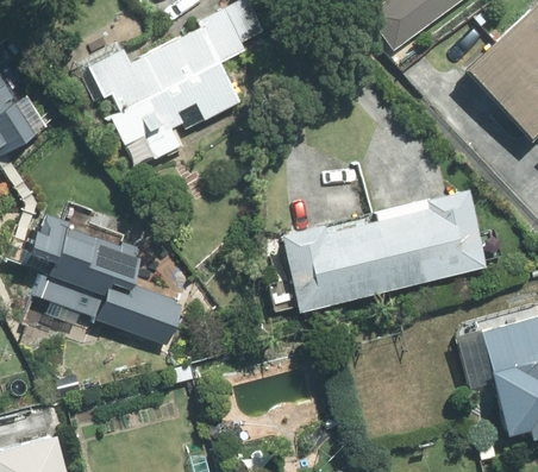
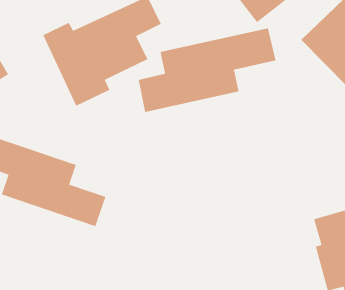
building: none -> [138,27,276,113]
building: [280,190,490,309] -> none

